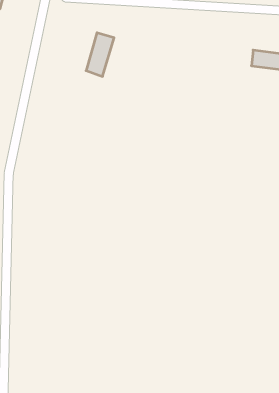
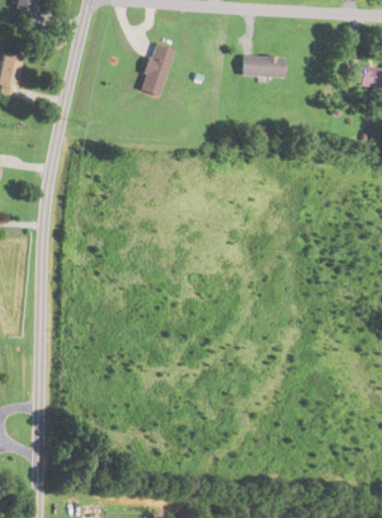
building: none -> [243,56,284,77]

